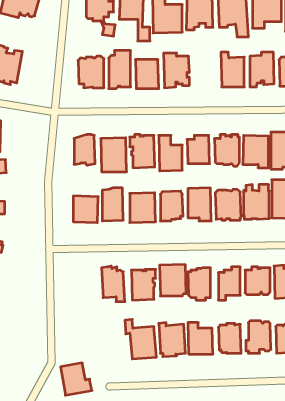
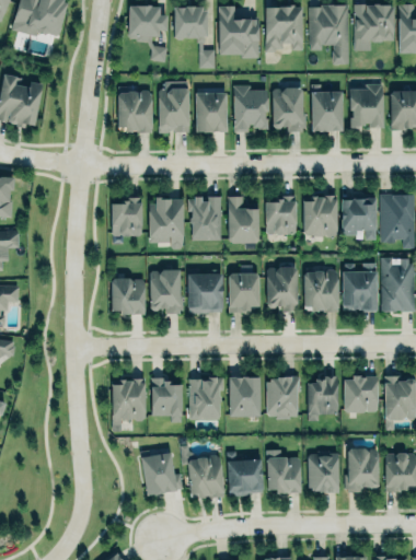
building: none -> [273,88,309,132]
building: none -> [112,381,147,422]
building: [61,363,92,395] -> [141,453,184,497]

